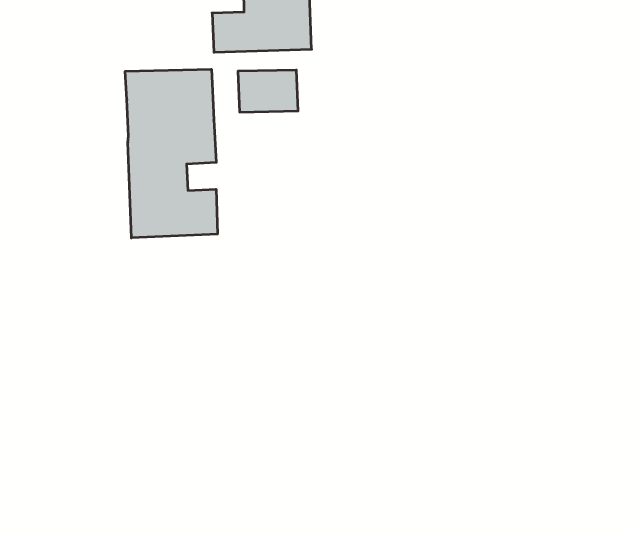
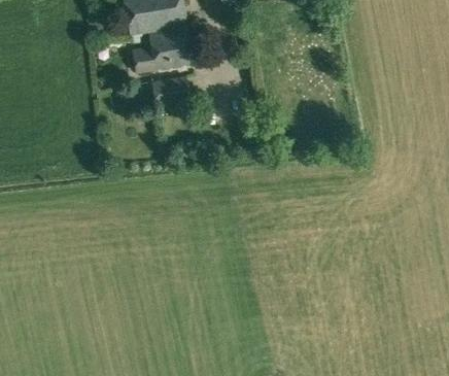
building: [125,69,217,238] -> none

